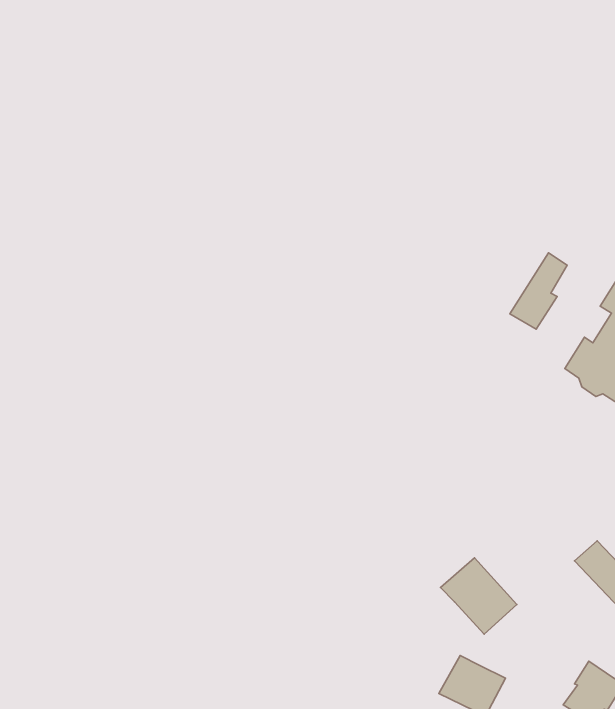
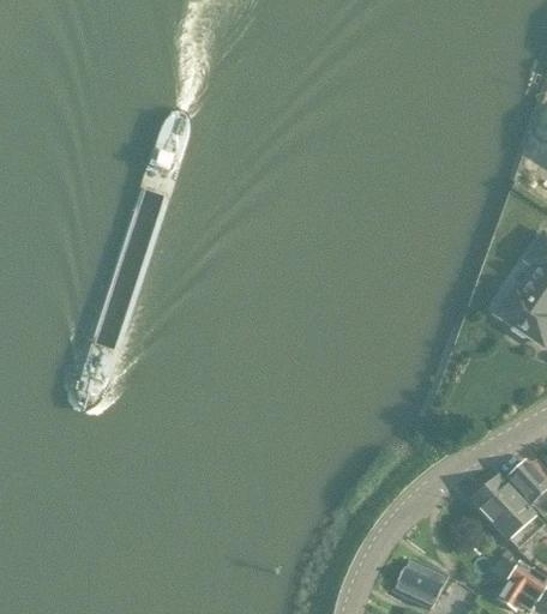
building: [510,253,567,329] -> none
building: [441,558,517,634] -> [471,474,536,538]

